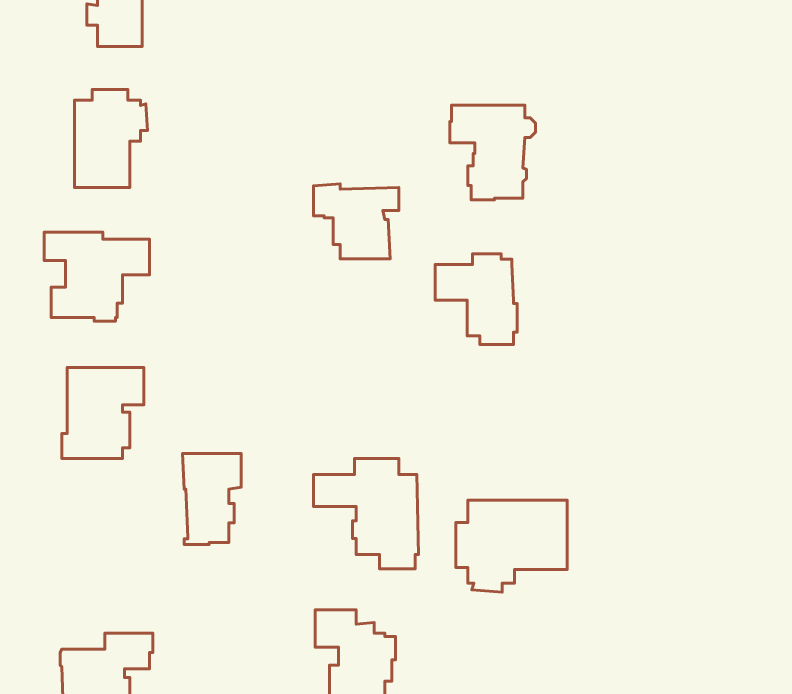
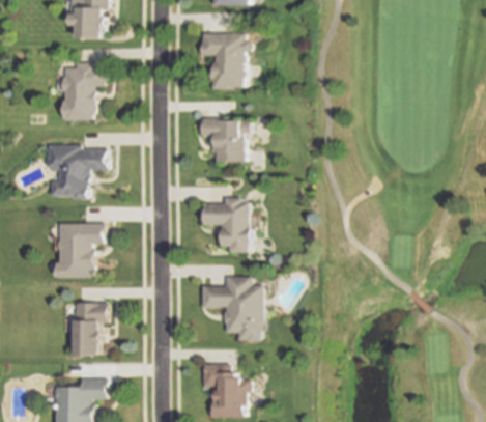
building: [450,105,535,200] -> [199,32,249,87]
building: [435,254,517,345] -> [204,198,252,251]
building: [182,453,241,544] -> [73,303,107,356]
building: [456,500,567,592] -> none

